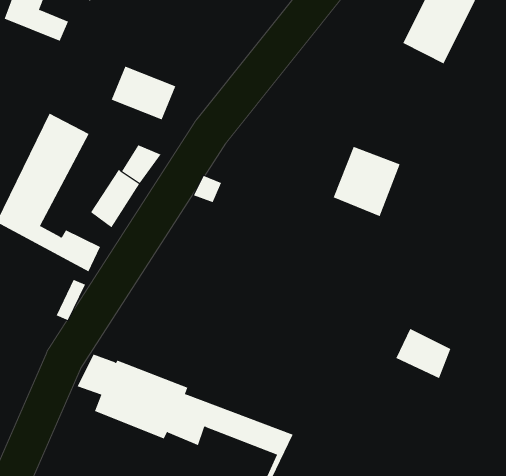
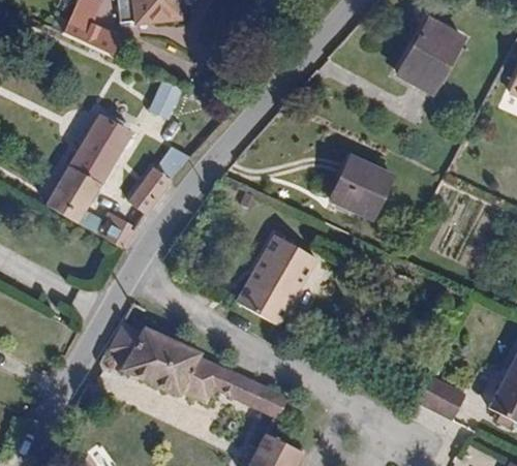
building: none -> [238,234,316,325]
building: [395,328,451,379] -> [417,374,464,418]

